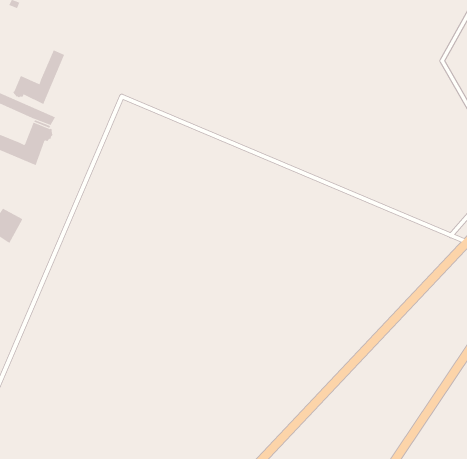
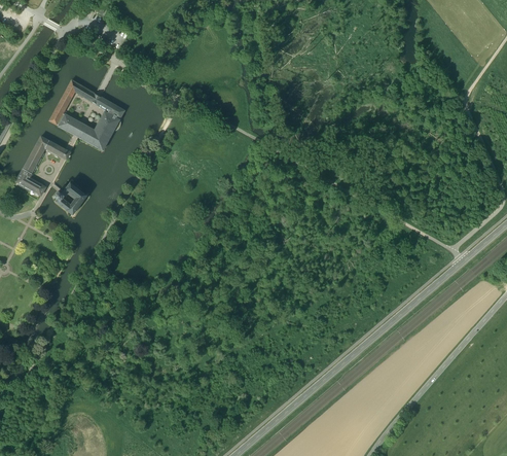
building: [13,50,65,105] -> none

